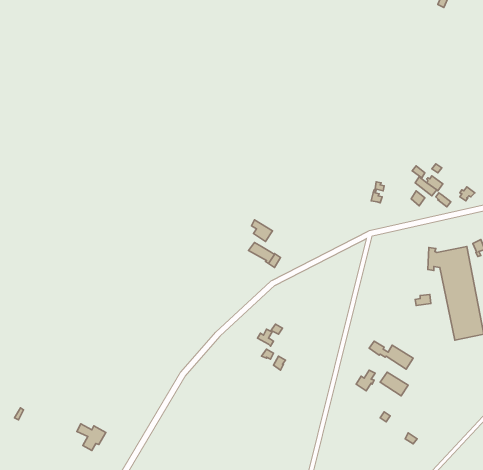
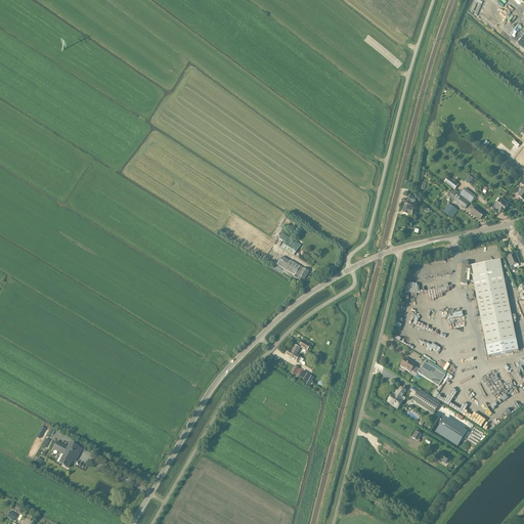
building: none -> [435,414,467,444]
building: [77,424,106,451] -> [52,439,82,467]

